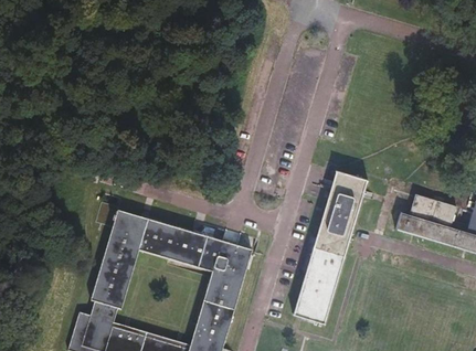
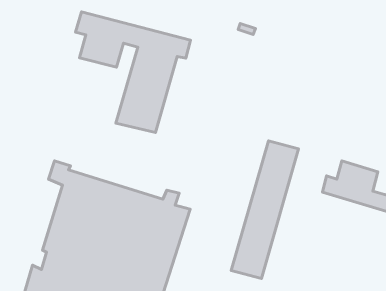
building: none -> [75,12,191,133]

